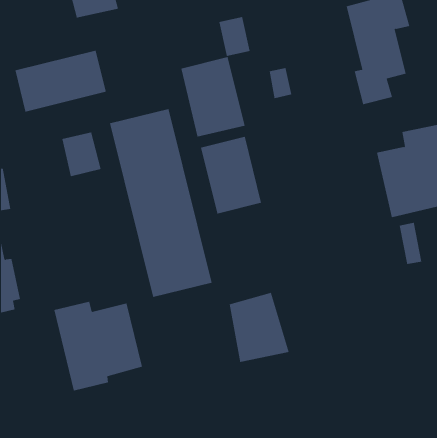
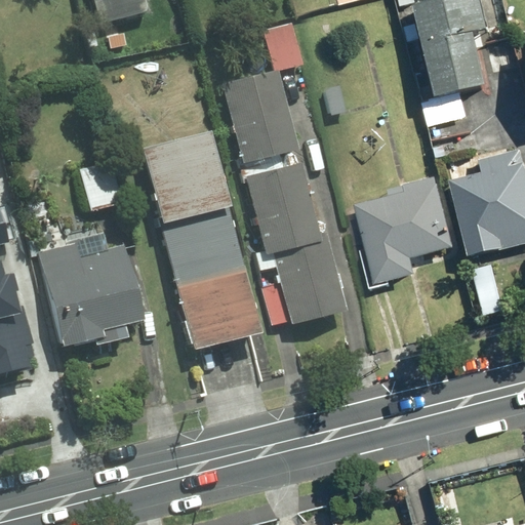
building: [15,50,106,112] -> none
building: none -> [358,175,459,283]
building: [229,292,290,362] -> [276,239,348,322]
building: [53,301,143,391] -> [36,240,142,347]

